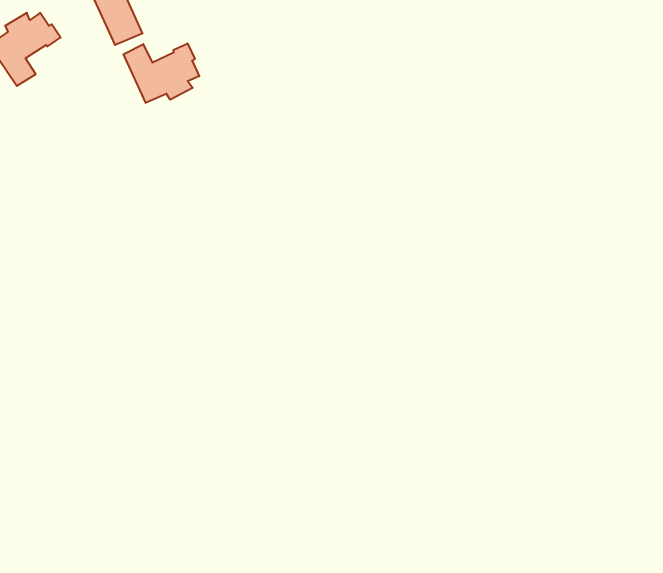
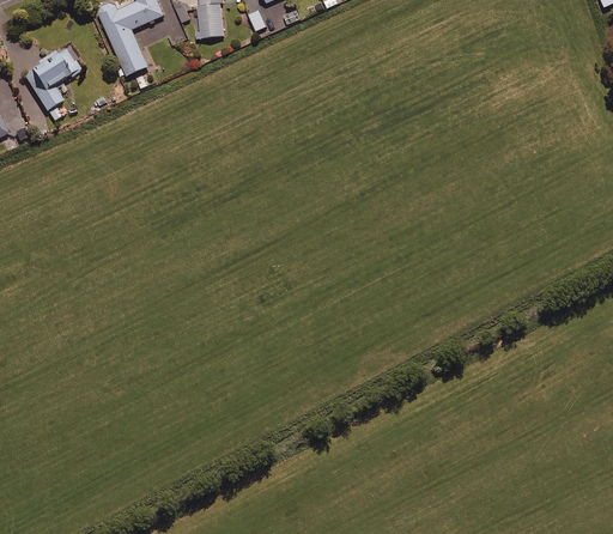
building: [124,43,199,103] -> none

